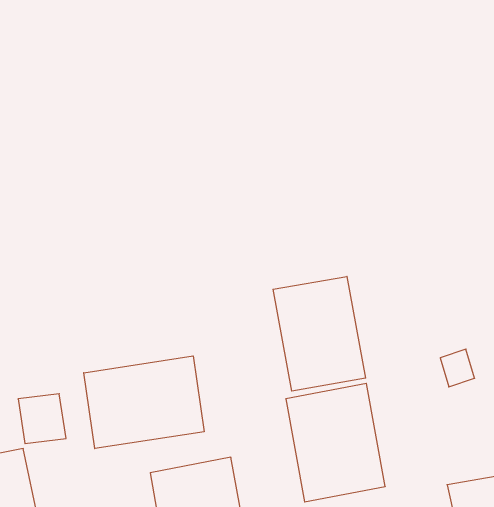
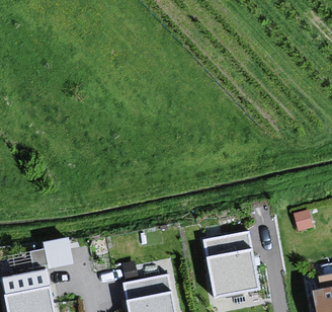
building: [273,276,366,391] -> none
building: [84,356,204,449] -> none

